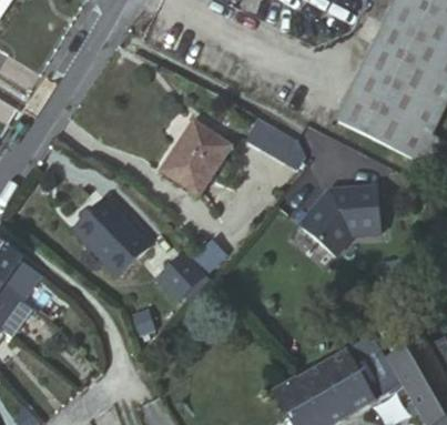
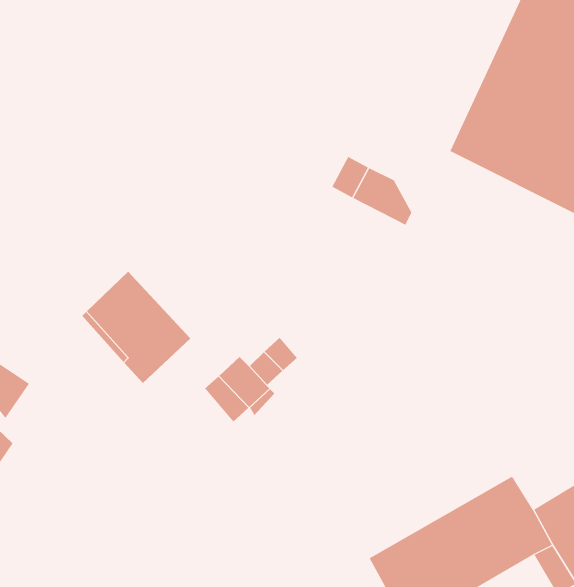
building: [163,125,237,201] -> none
building: [299,186,382,257] -> none

